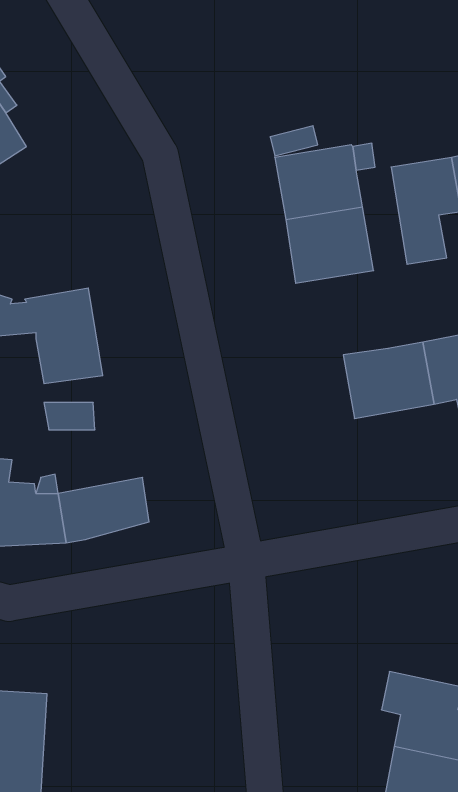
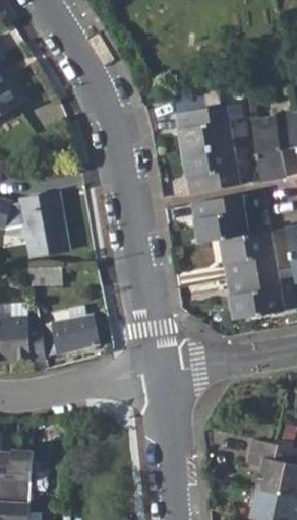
building: none -> [192,194,250,243]
building: none -> [229,270,287,321]

